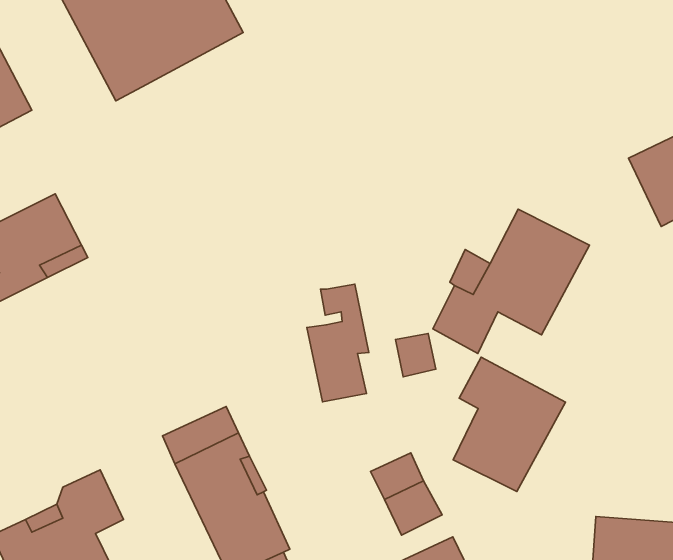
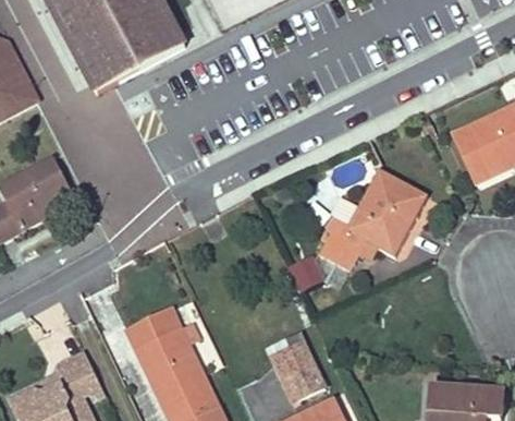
building: [307,284,369,402] -> none
building: [453,357,565,491] -> none

